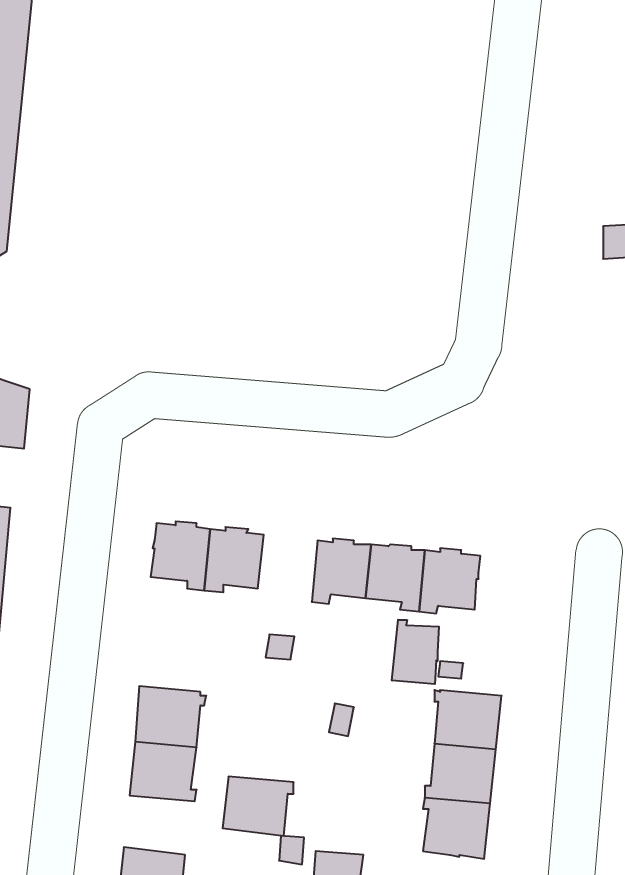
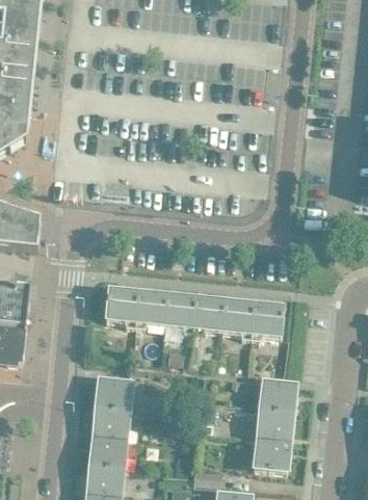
building: none -> [162,293,194,331]
building: [392,620,439,684] -> none
building: [223,777,294,836] -> [89,436,128,468]

